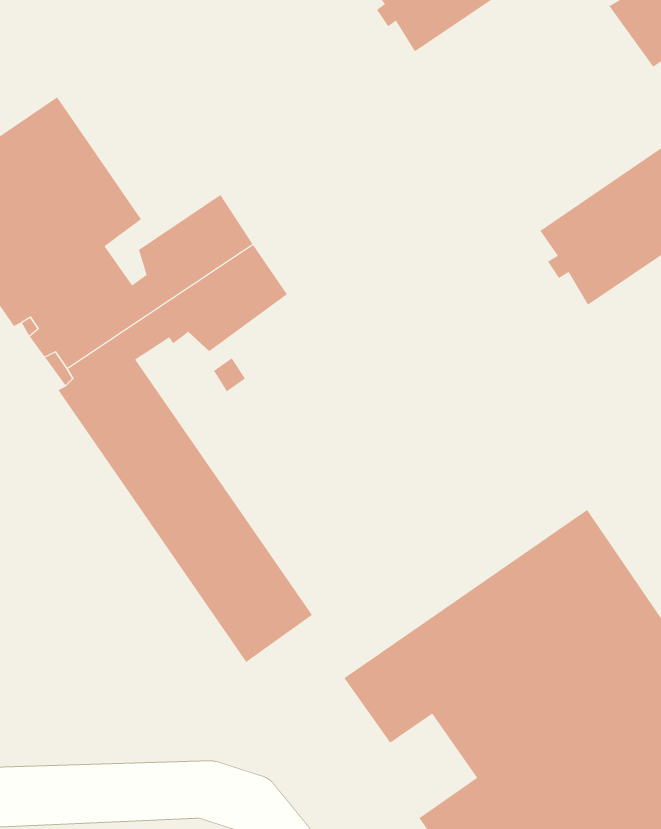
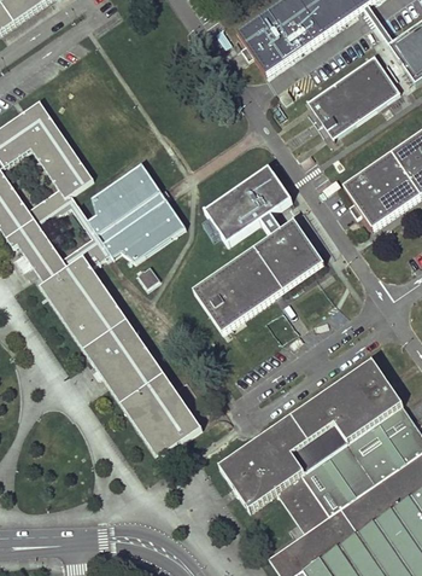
building: none -> [305,53,402,135]
building: none -> [191,164,322,331]

